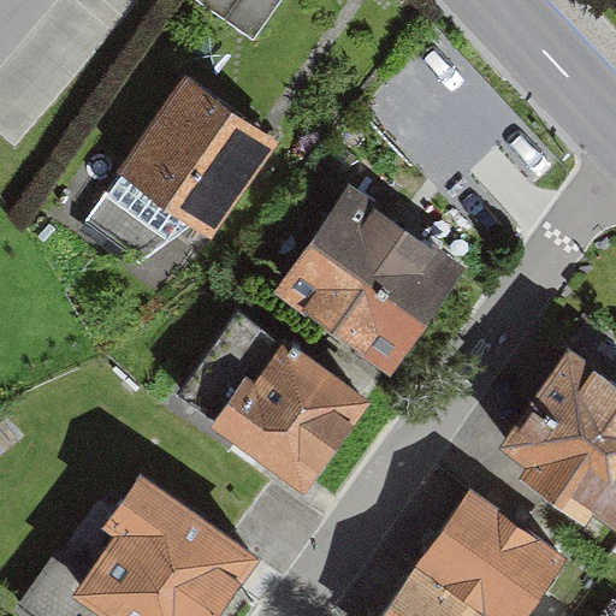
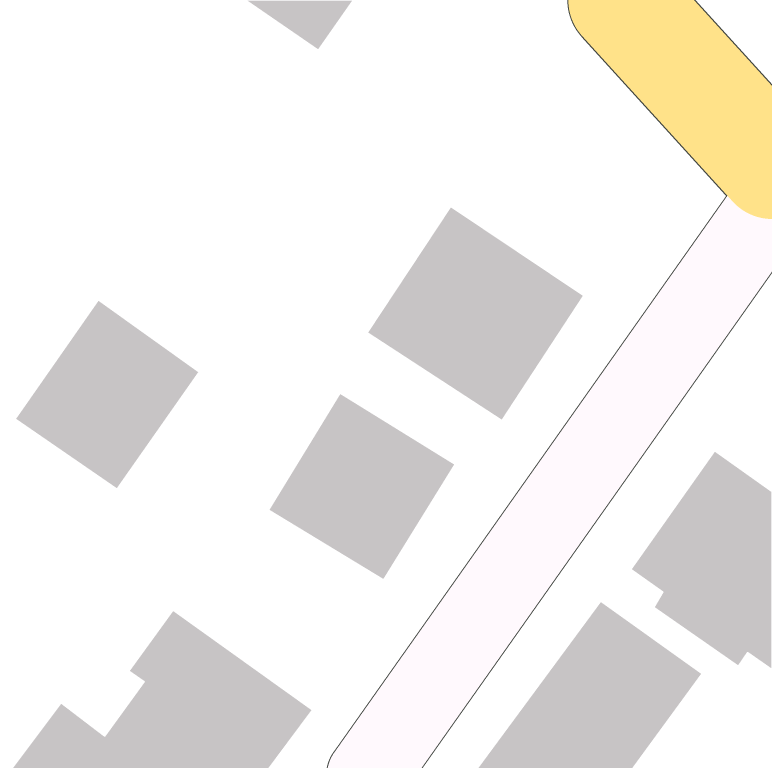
building: [83,84,280,268] -> none
building: none -> [15,300,199,489]

